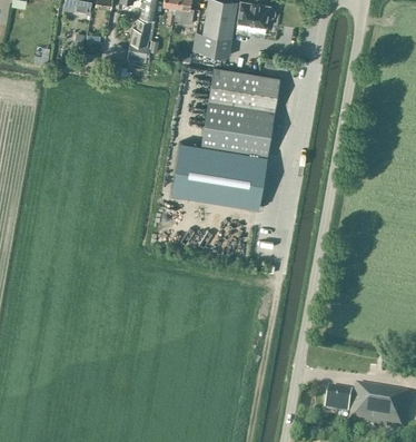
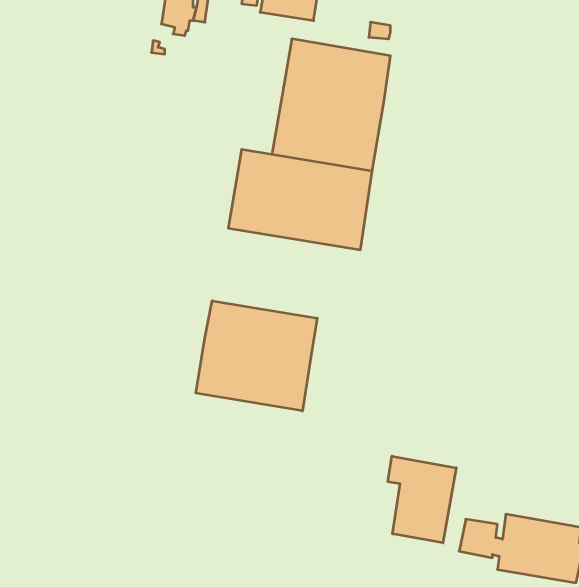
building: none -> [196,301,317,411]
building: none -> [388,456,456,543]

